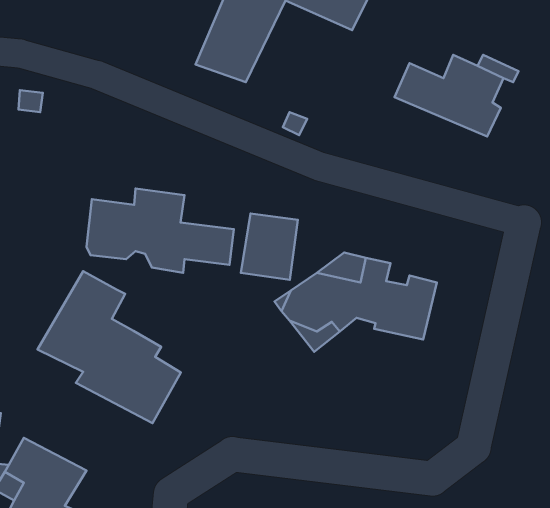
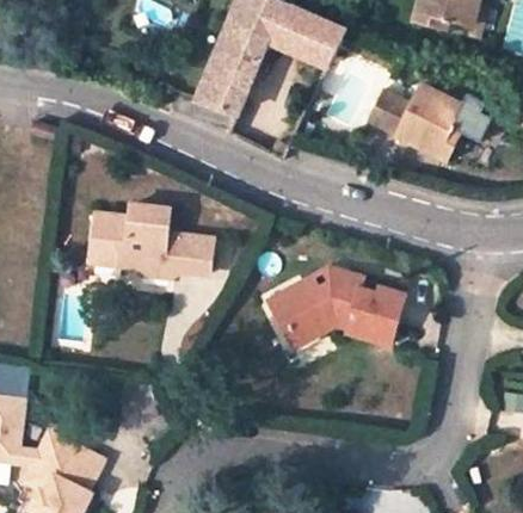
building: [241,214,298,280] -> none
building: [37,271,181,423] -> none

